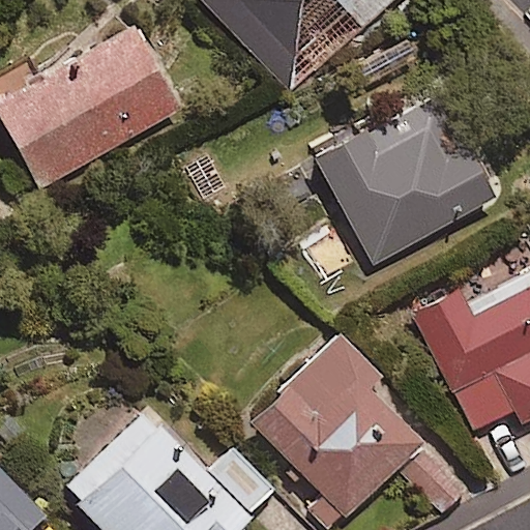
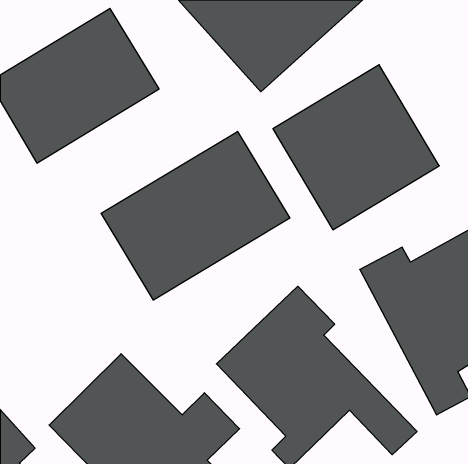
building: none -> [101,131,290,300]

